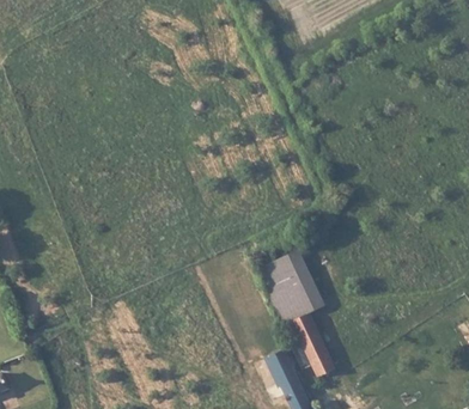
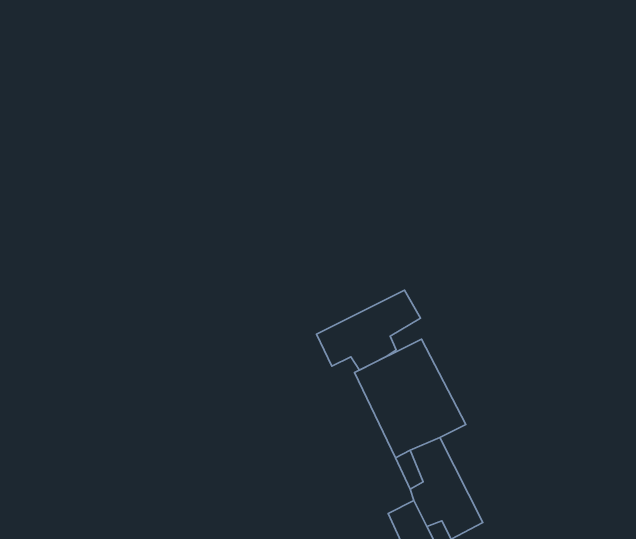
building: none -> [317,290,421,370]

